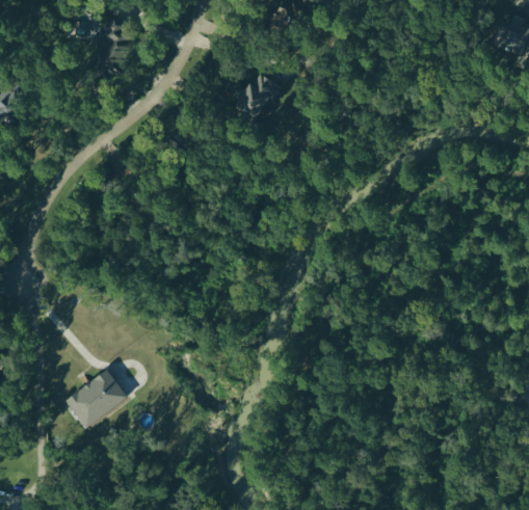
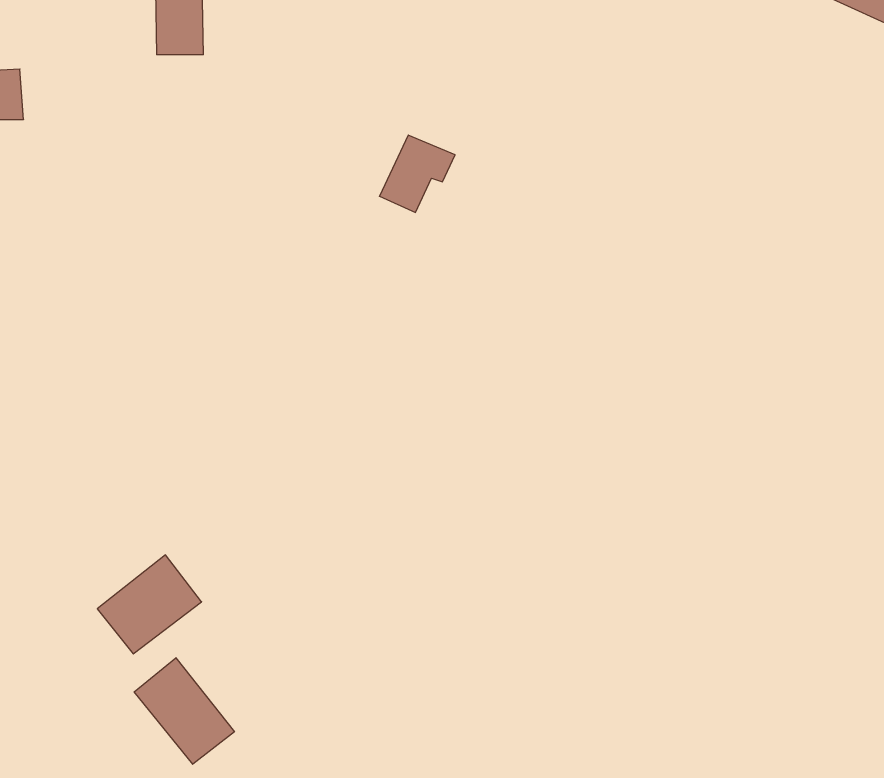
building: [236,76,280,120] -> [379,135,455,212]
building: none -> [134,658,234,764]

